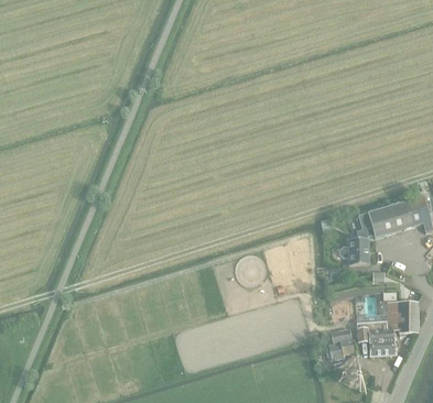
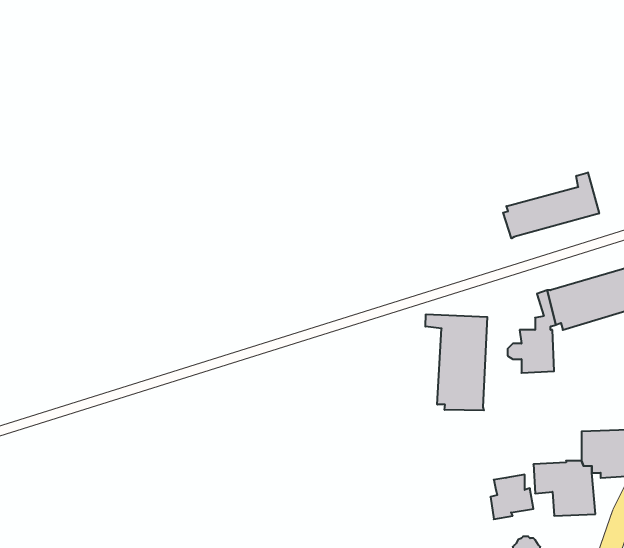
building: none -> [503,172,599,238]
building: none -> [425,314,487,410]

